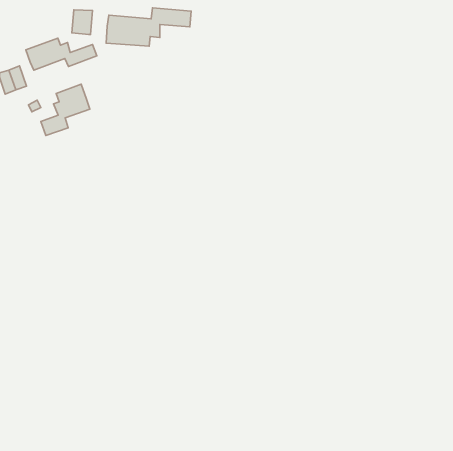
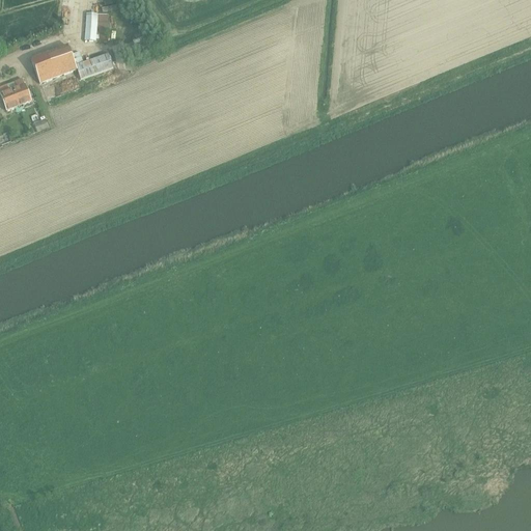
building: [106,8,191,46] -> none
building: [41,84,90,135] -> none

